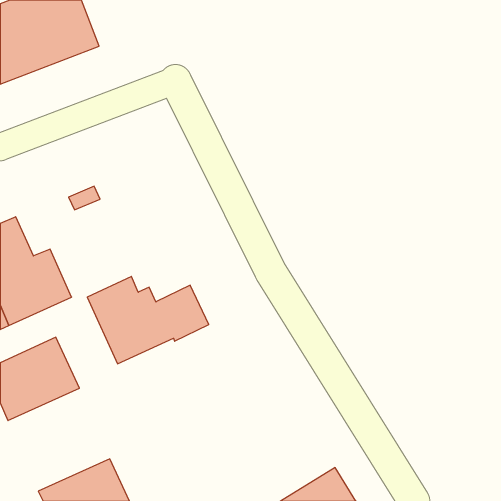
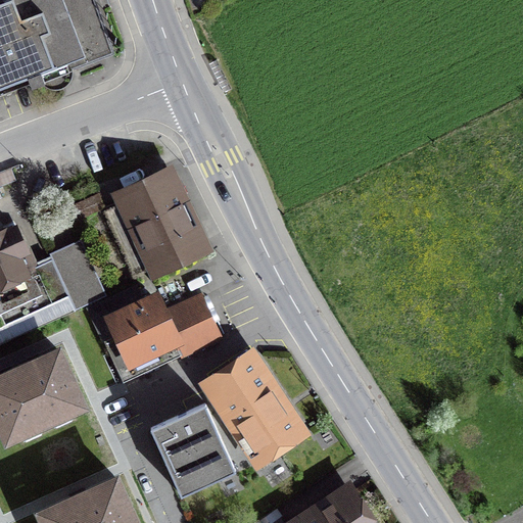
building: none -> [125,176,199,267]
building: none -> [52,247,101,310]
building: none -> [211,360,296,456]
building: none -> [150,402,236,494]

